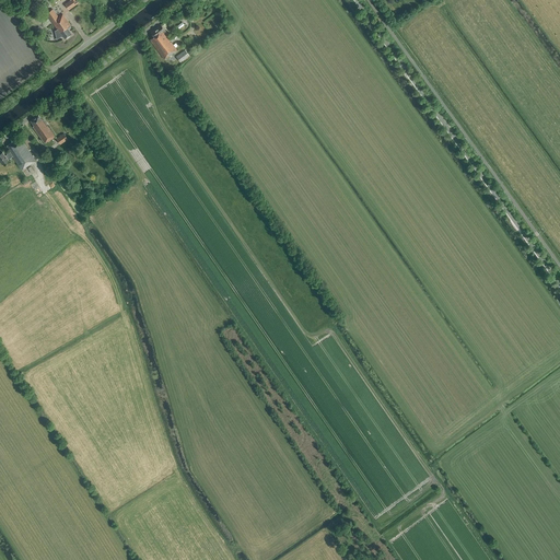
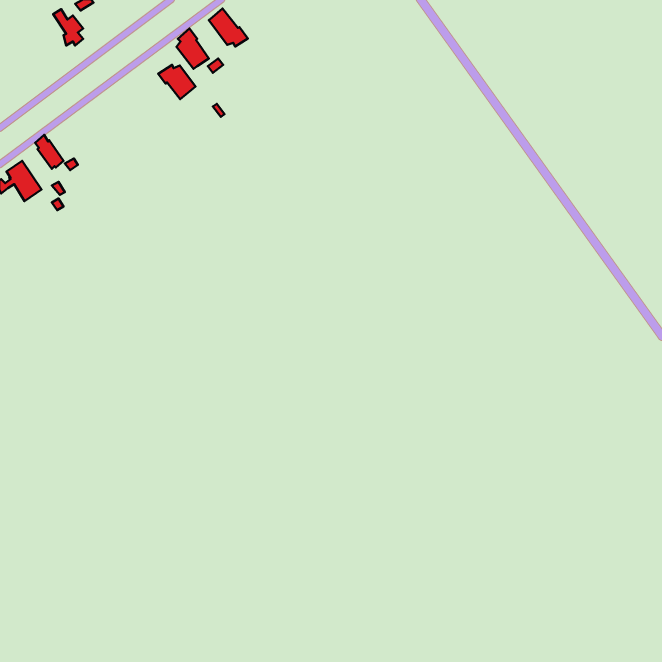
building: none -> [209,9,248,46]
building: none -> [158,65,195,99]

